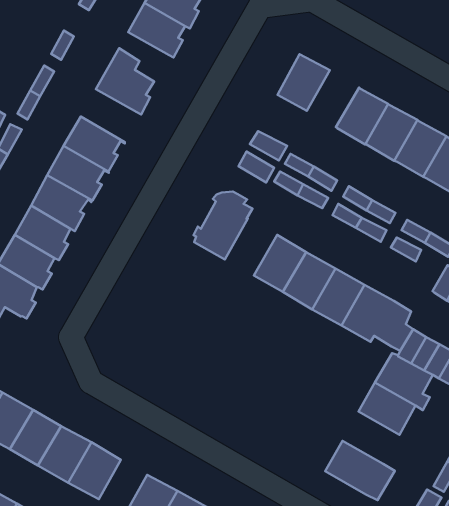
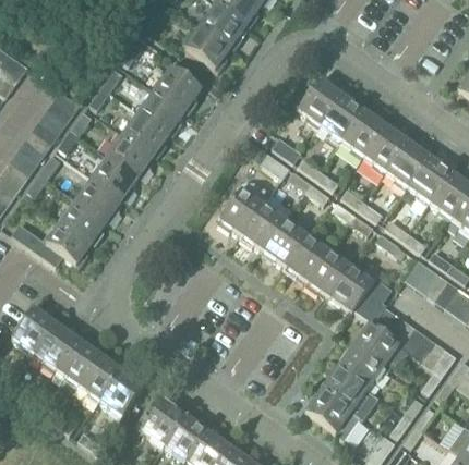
building: none -> [320,94,363,139]
building: none -> [140,89,184,134]
building: none -> [242,205,286,250]
building: none -> [321,367,376,418]

